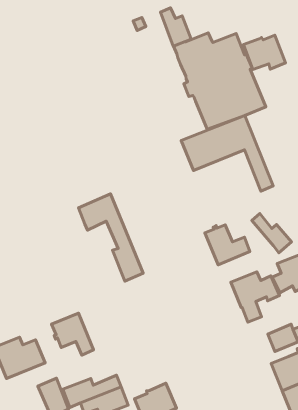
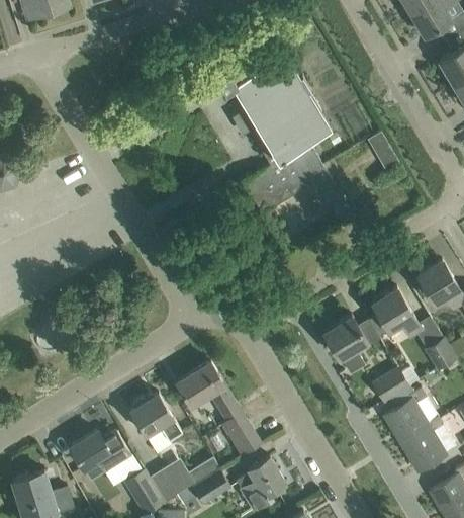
building: [160,8,191,46] -> none
building: [243,35,285,69] -> none
building: [79,194,143,281] -> [177,362,261,457]
building: [252,214,291,253] -> none
building: [205,225,250,265] -> none

